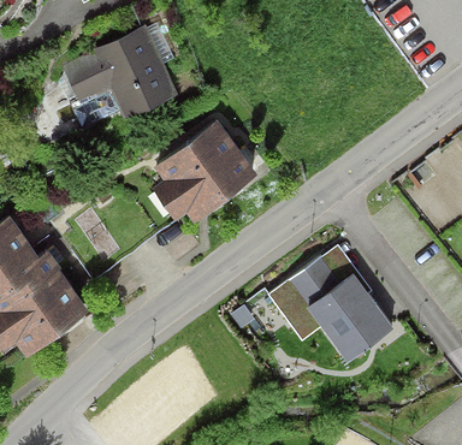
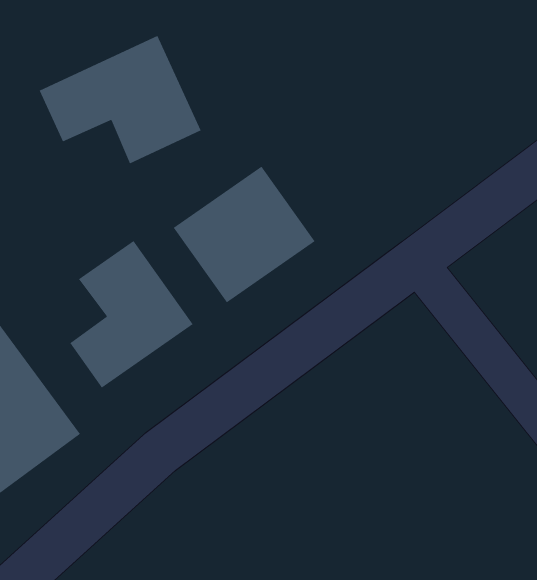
building: none -> [69,240,193,388]
building: [272,251,392,361] -> none

